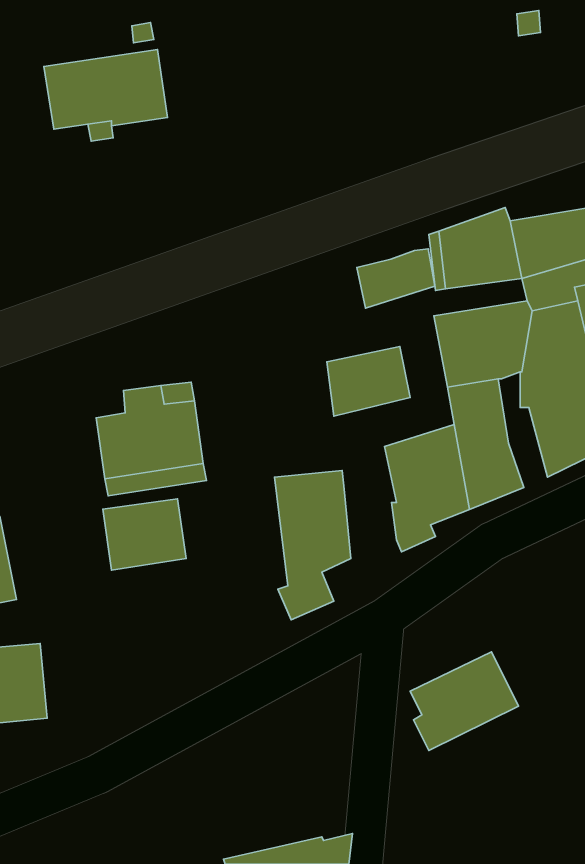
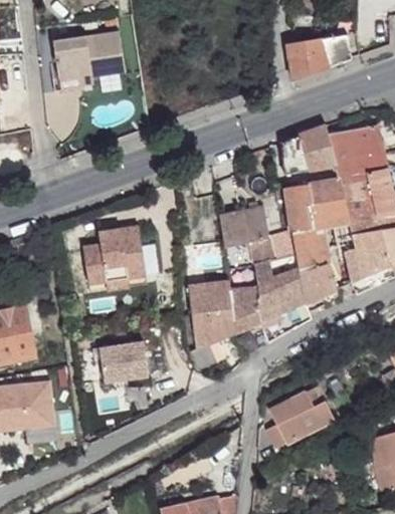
building: none -> [287,33,351,79]
building: [357,249,435,308] -> [248,230,294,265]
building: none -> [229,286,260,331]
building: [103,499,186,570] -> [98,340,148,382]

